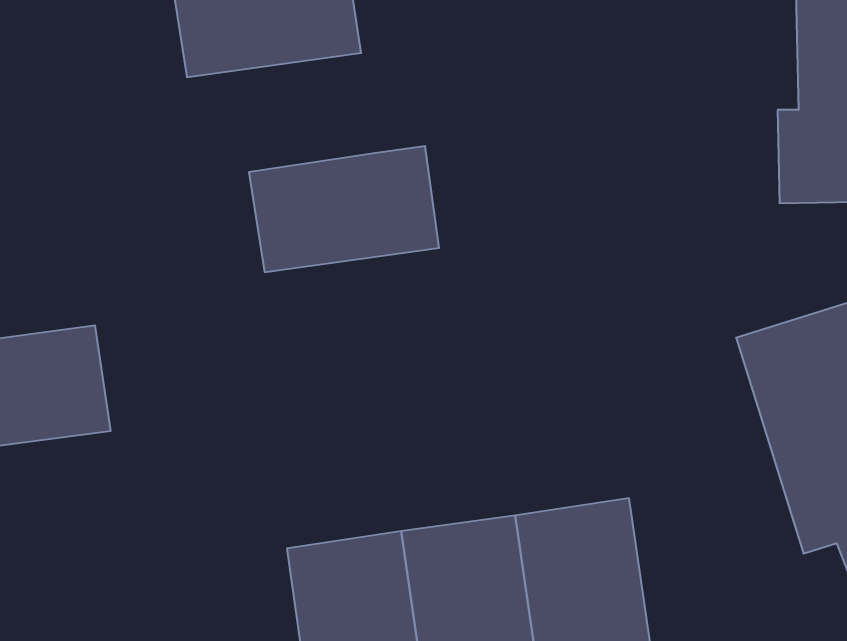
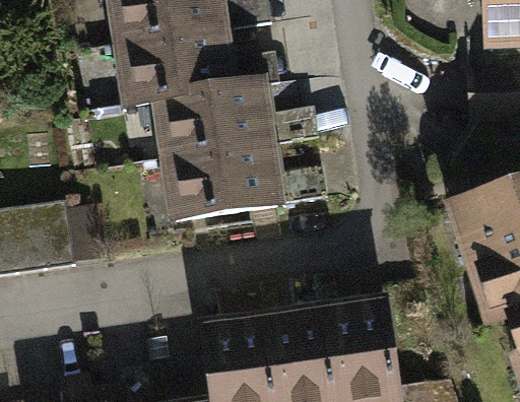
building: none -> [128,45,239,119]
building: none -> [174,159,284,232]

